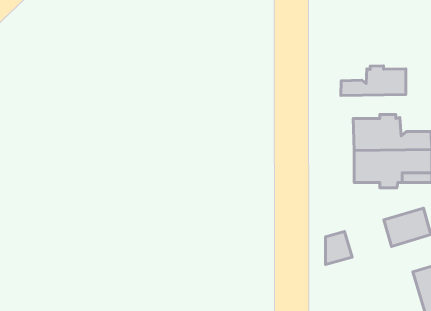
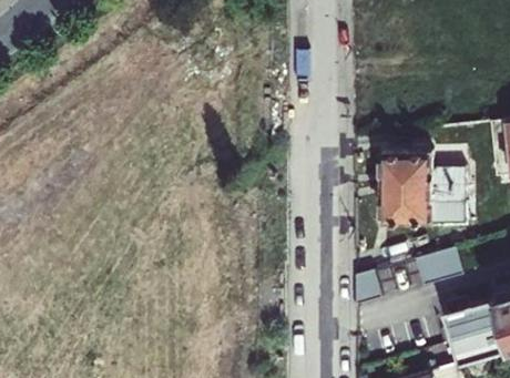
building: [341,66,406,95] -> none

